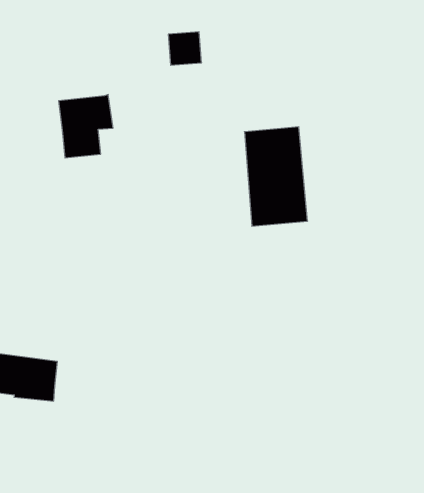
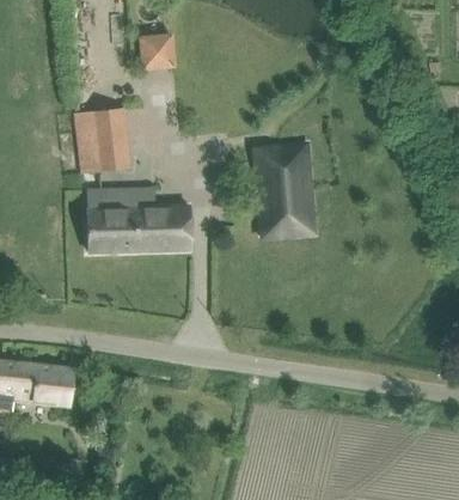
building: [168,32,202,65] -> [141,35,173,67]
building: none -> [87,188,191,251]

